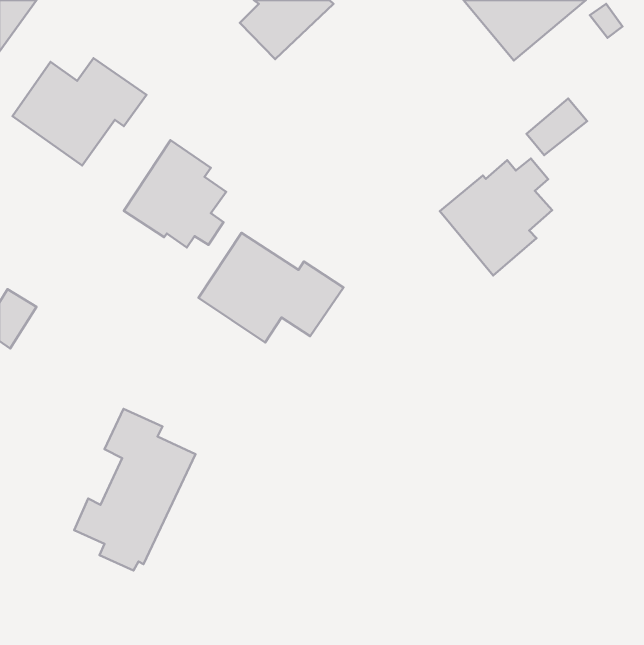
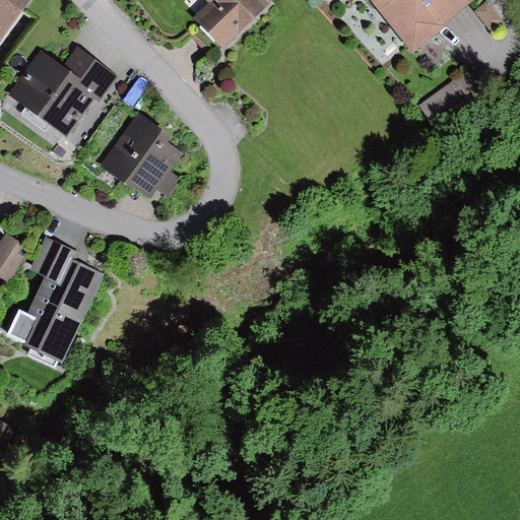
building: [440,159,552,275] -> none
building: [198,233,344,342] -> none
building: [74,409,195,570] -> [6,238,104,368]

